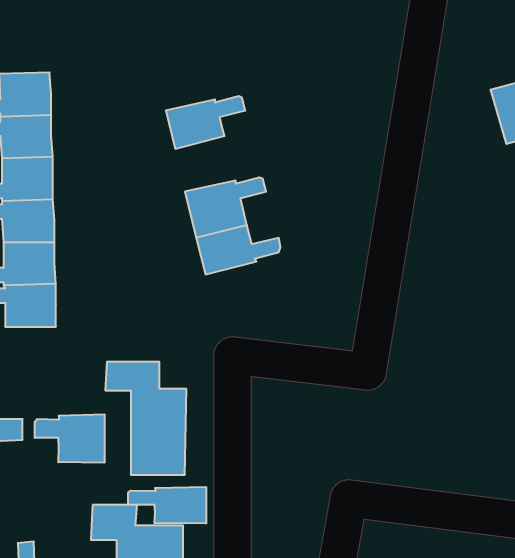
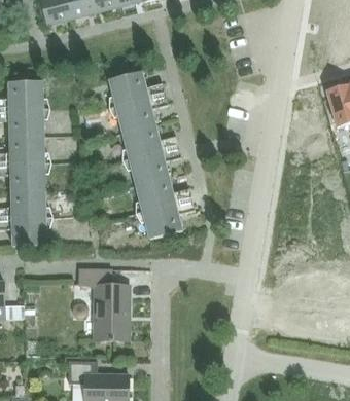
building: none -> [109,72,164,106]
building: none -> [122,122,177,158]
building: none -> [142,203,195,239]
building: [35,414,104,463] -> none
building: [128,487,206,524] -> none

